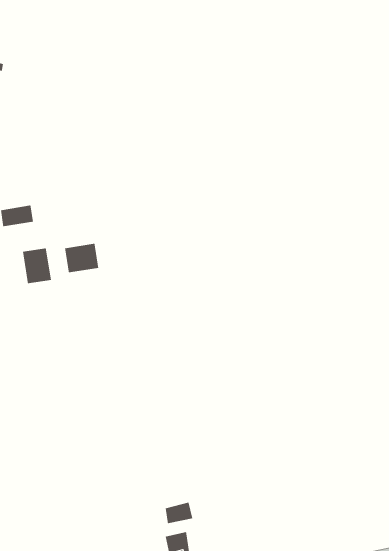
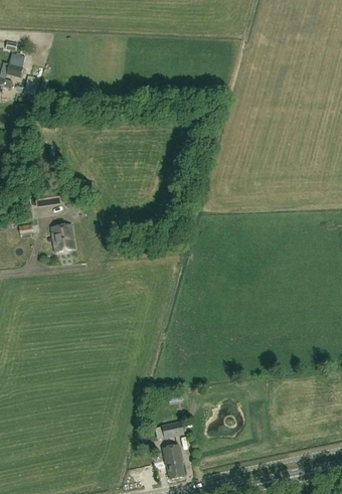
building: [64,243,99,273] -> none

